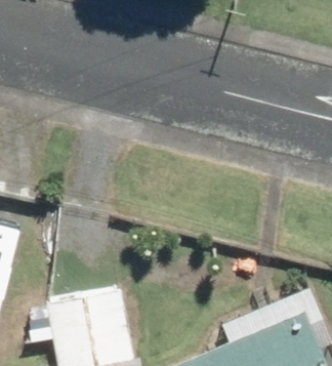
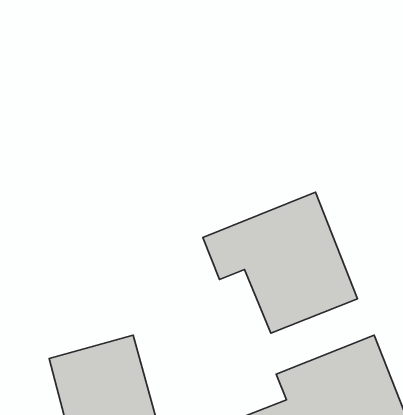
building: none -> [203,192,358,333]

